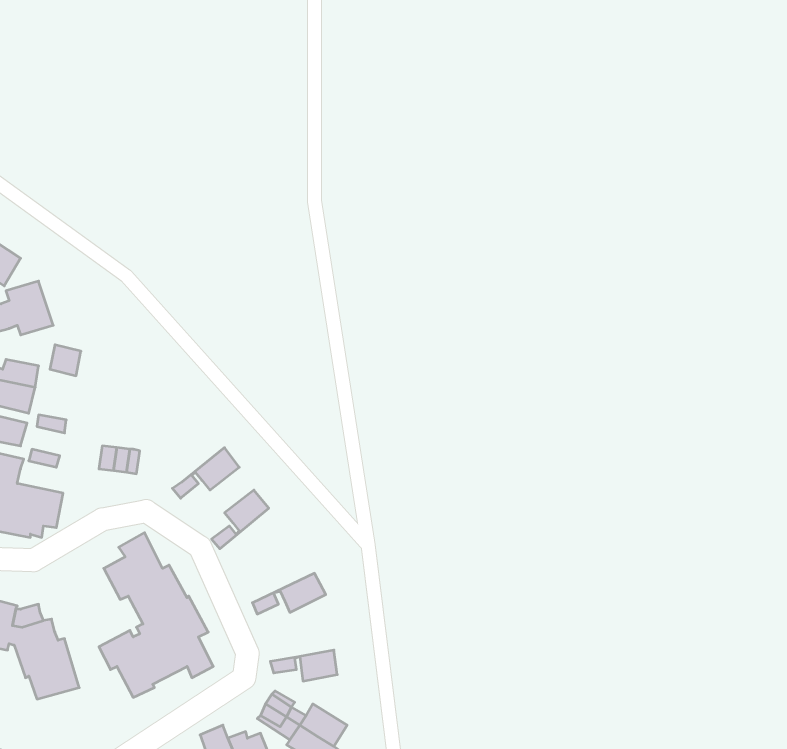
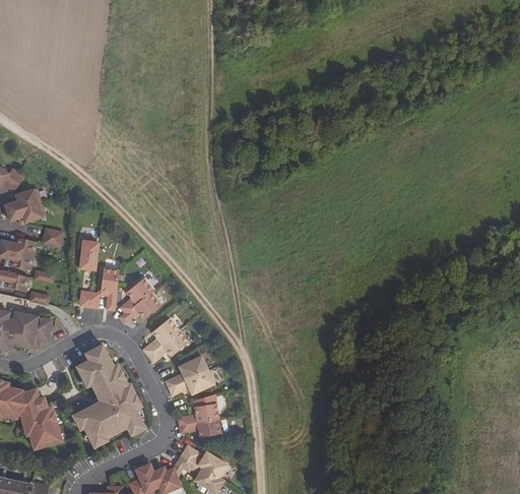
building: none -> [77,236,99,269]
building: none -> [98,266,119,310]
building: none -> [121,277,153,313]
building: none -> [148,329,189,361]
building: none -> [166,356,207,388]
building: none -> [179,404,219,425]

